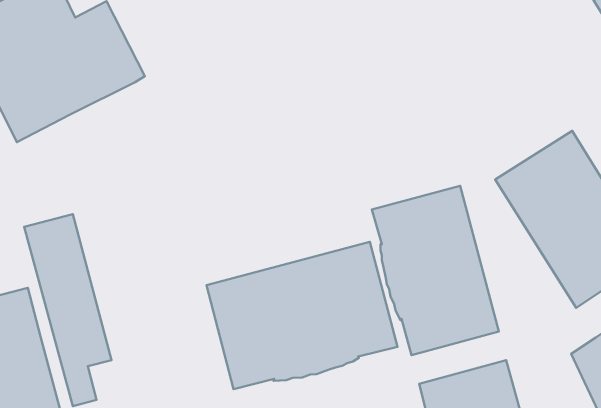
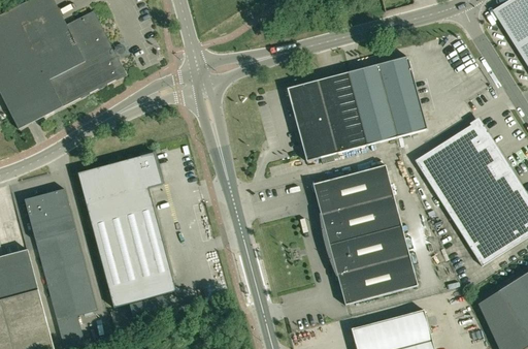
building: none -> [287,56,427,163]
building: none -> [77,152,176,307]
building: [207,242,398,389] -> none

